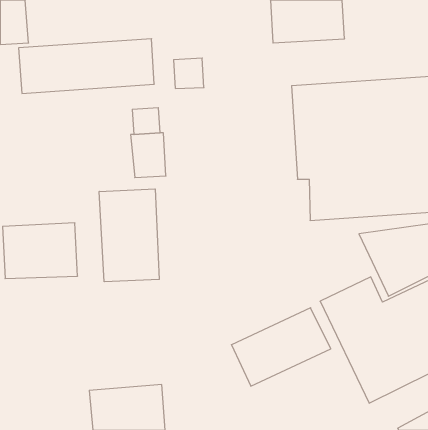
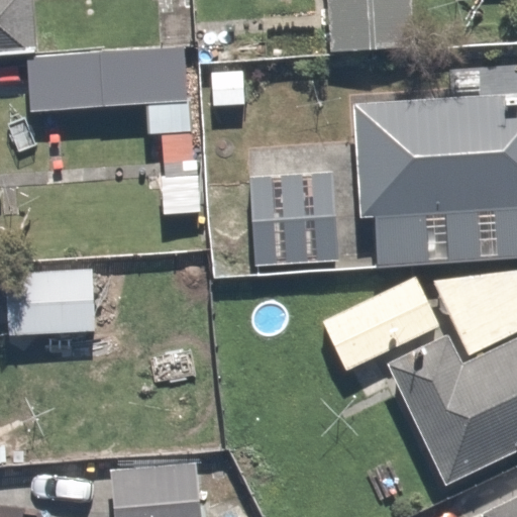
building: none -> [248,171,339,266]
building: [99,189,159,282] -> none
building: [231,308,331,386] -> [322,277,441,371]

